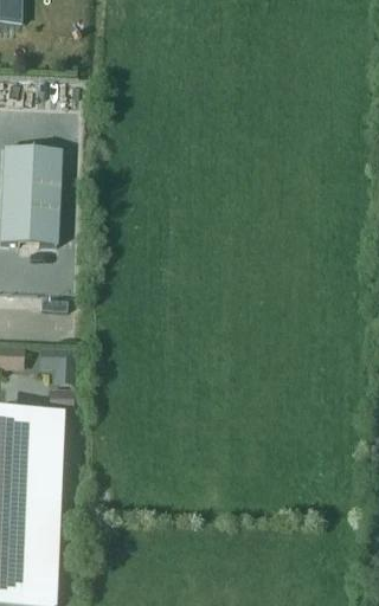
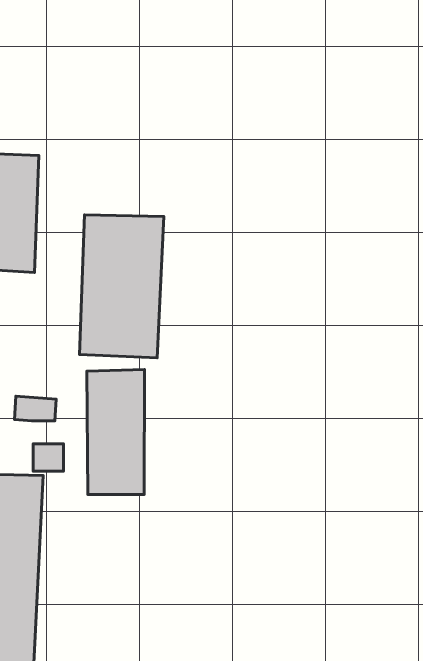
building: none -> [80,215,164,358]
building: none -> [87,370,145,495]

